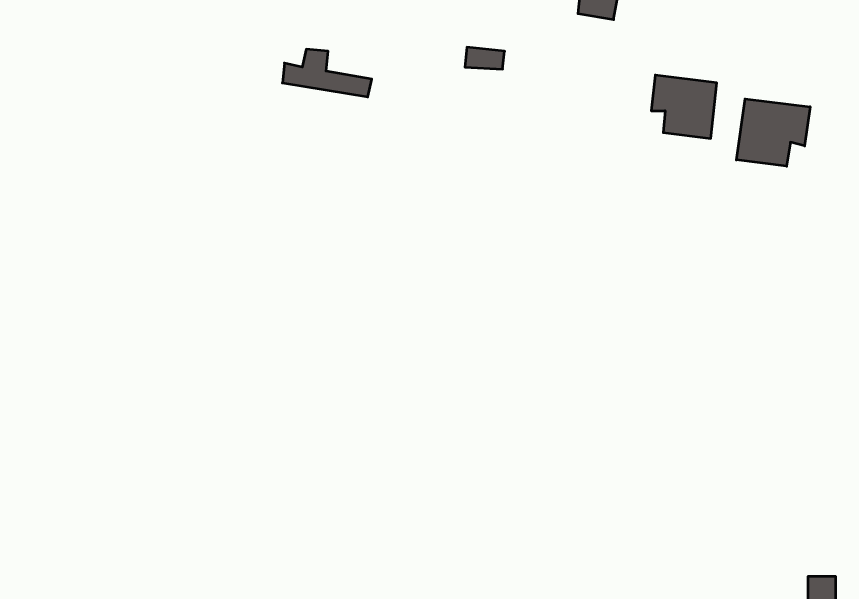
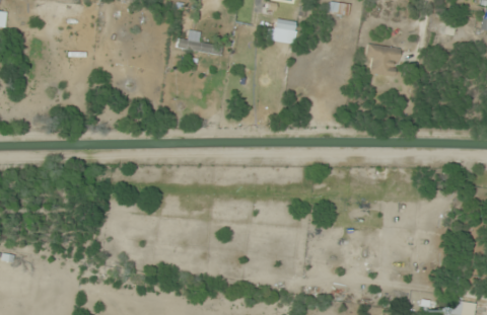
building: [736,99,810,166] -> none

